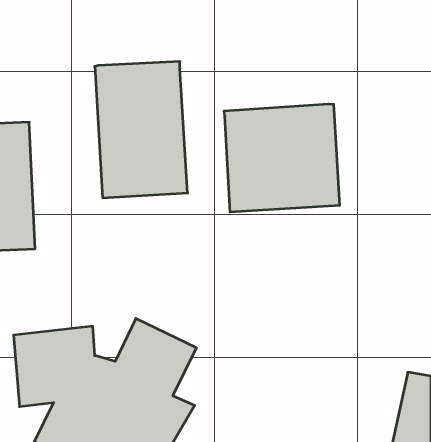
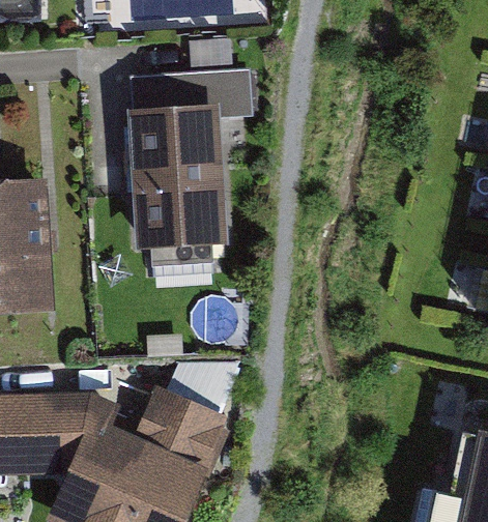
building: none -> [127,71,249,119]
building: [224,104,340,212] -> none

